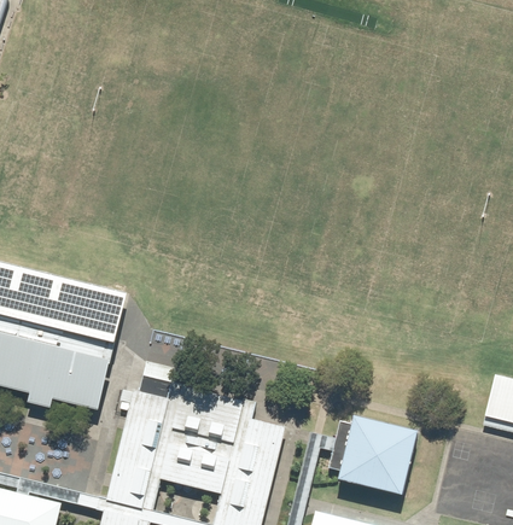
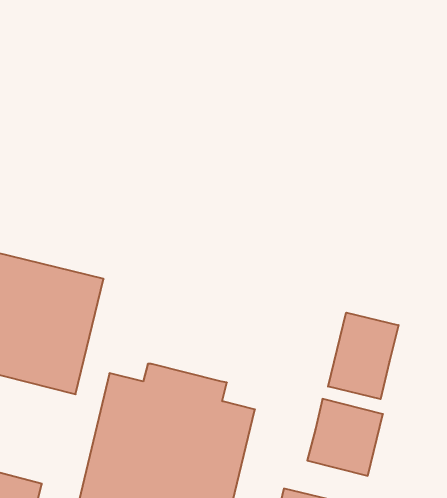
building: none -> [328,313,399,399]

